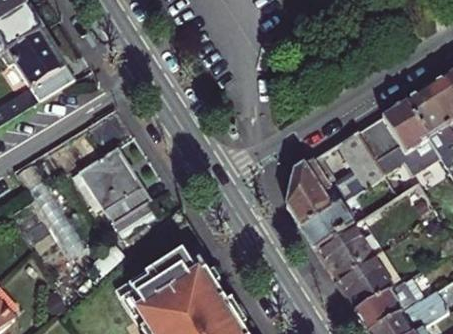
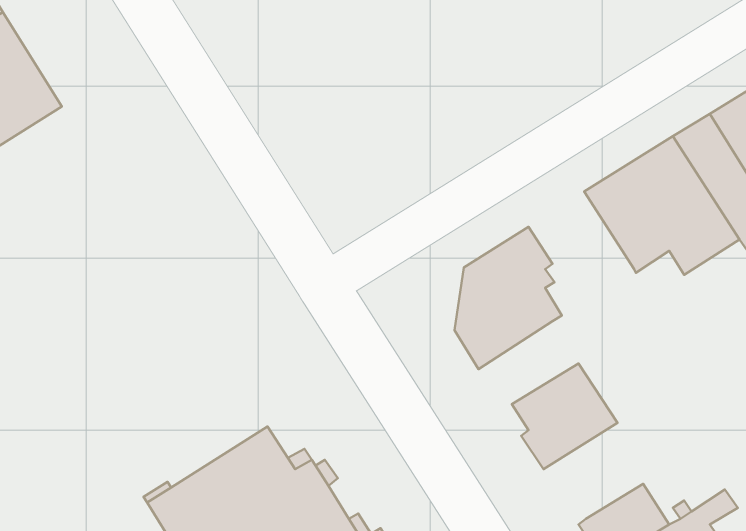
building: [336,129,383,192] -> none
building: [80,150,151,225] -> none
building: [299,199,353,247] -> none
building: [334,254,393,306] -> none

